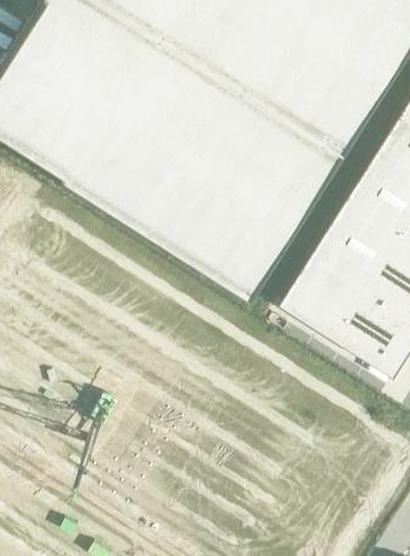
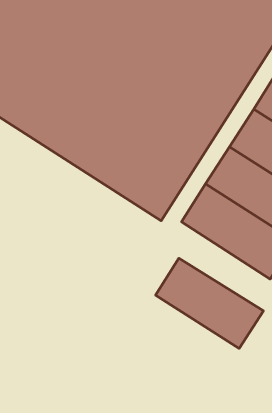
building: none -> [155,258,263,348]

